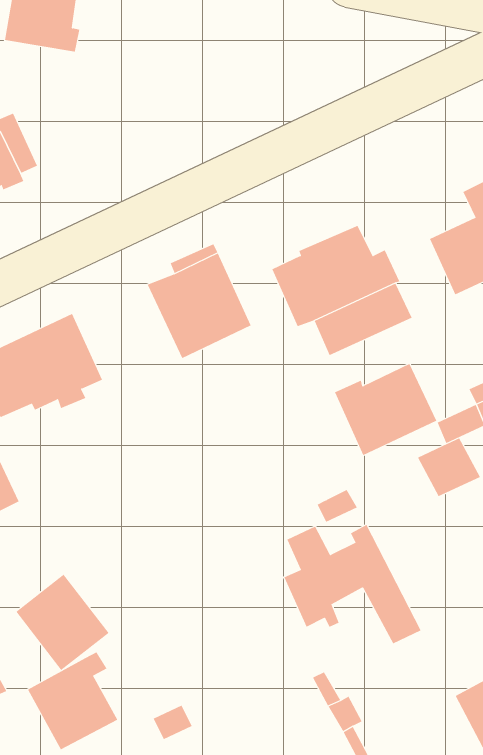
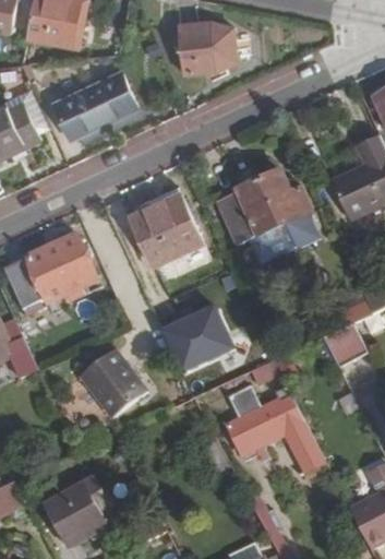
building: none -> [177,21,236,73]
building: none -> [52,71,137,140]
building: [334,363,437,456] -> [159,307,233,373]
building: [15,574,109,671] -> [79,348,146,418]

